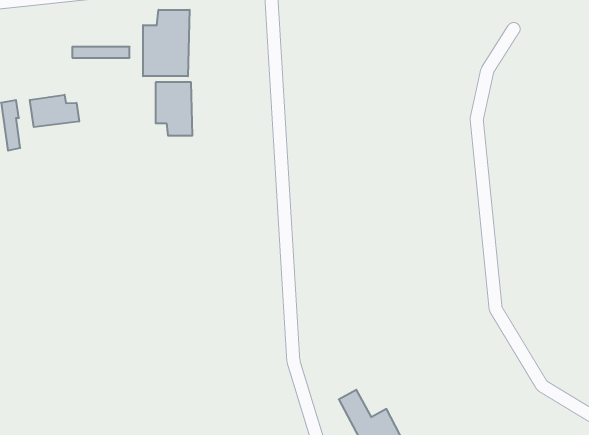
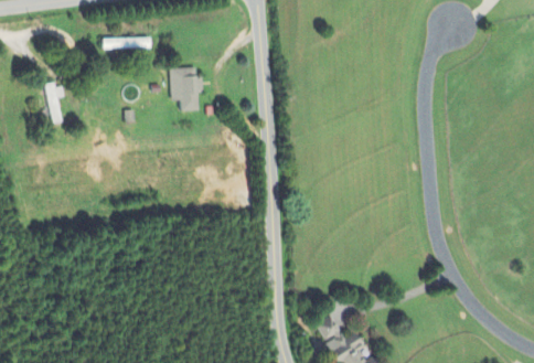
building: [143,10,190,76] -> none
building: [30,95,79,127] -> none

